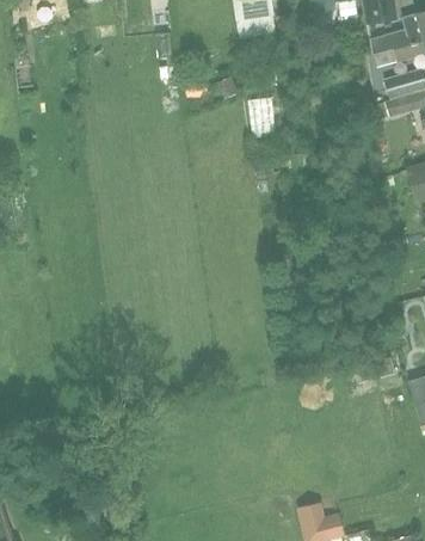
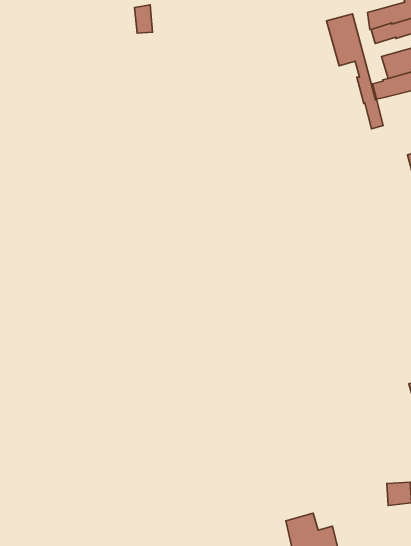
building: none -> [326,14,383,129]

